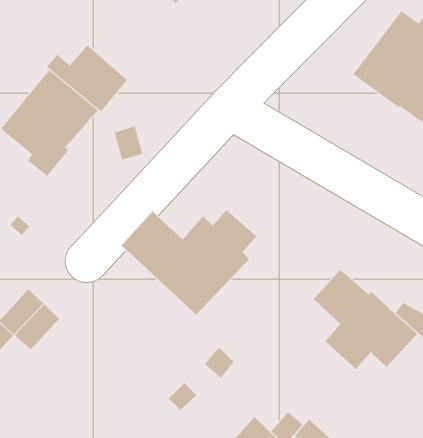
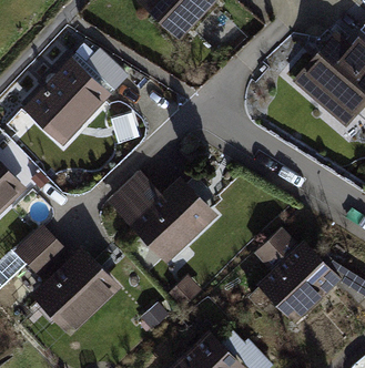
building: none -> [38,255,113,318]

